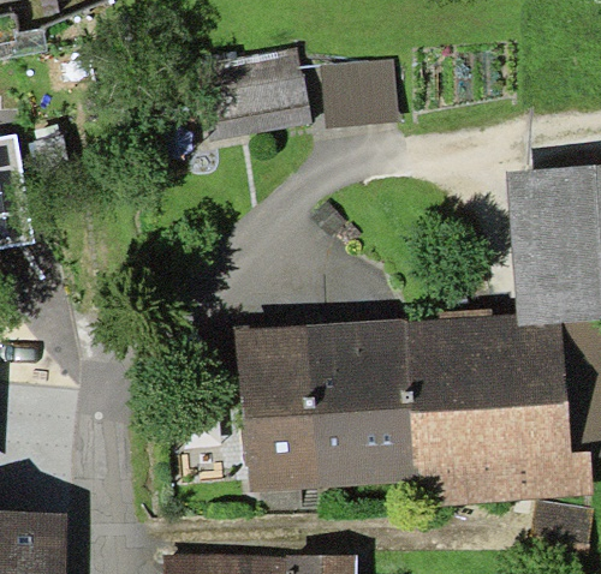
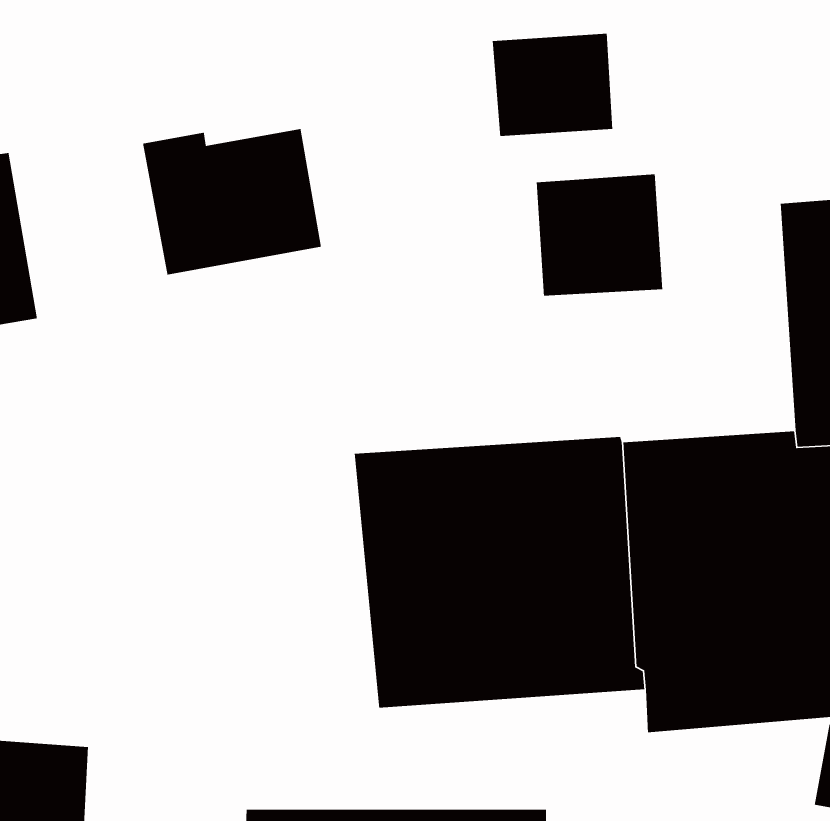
building: [198,49,313,143] -> [142,128,322,276]
building: none -> [536,173,663,296]

